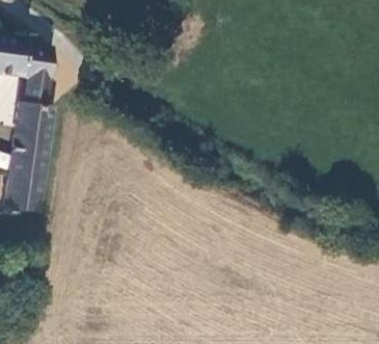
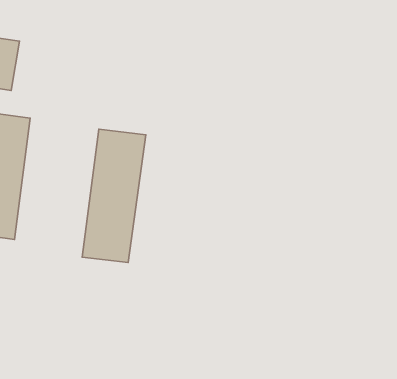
building: none -> [82,129,146,263]

